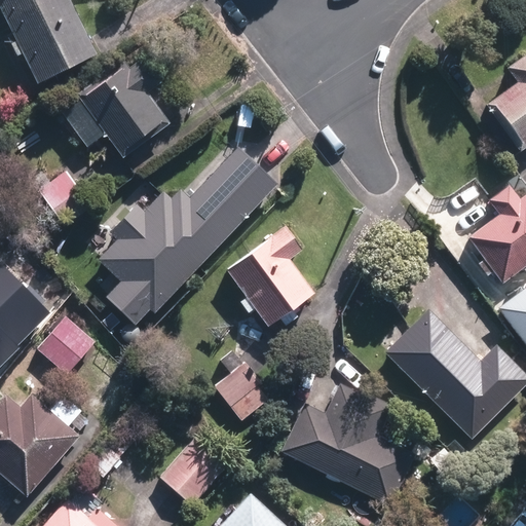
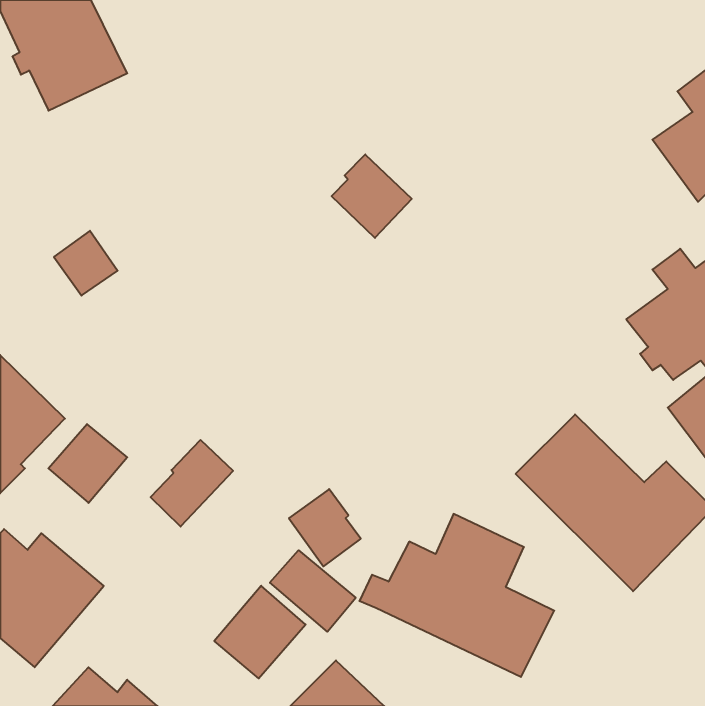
building: [62,55,170,157] -> none
building: none -> [332,154,412,238]
building: [99,145,276,324] -> none
building: [225,225,314,327] -> none
building: none -> [151,440,233,527]
building: none -> [270,550,356,632]

